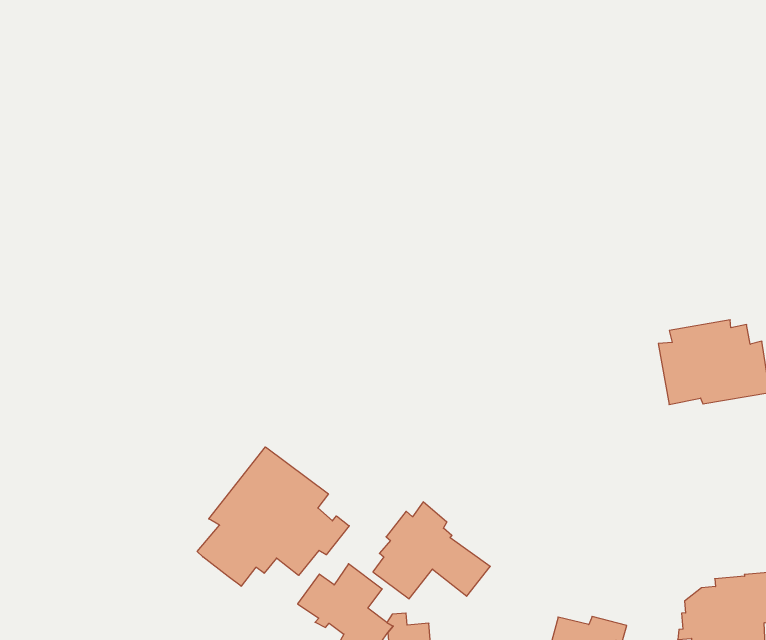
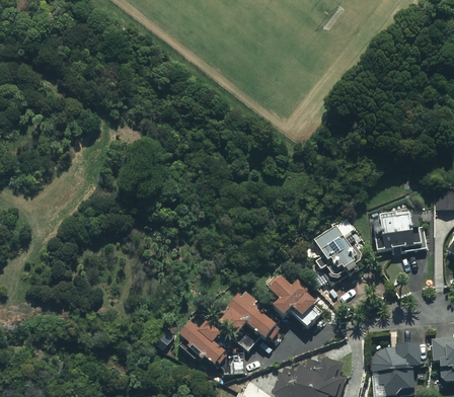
building: none -> [314,224,359,284]
building: [197,447,349,586] -> none
building: none -> [268,275,322,329]

